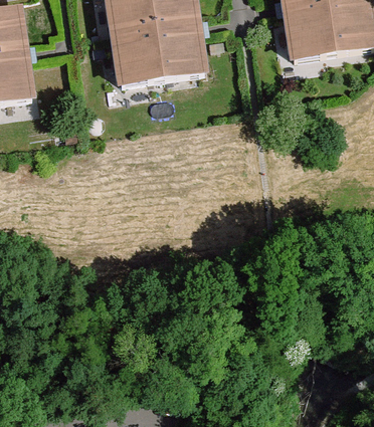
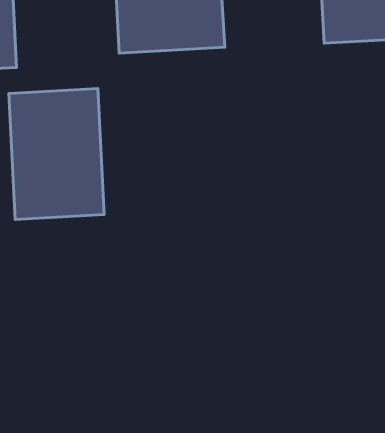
building: none -> [9,88,104,219]

